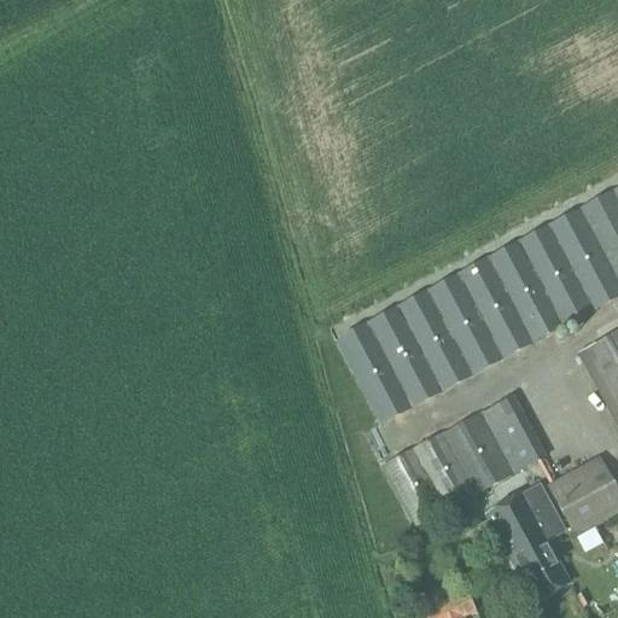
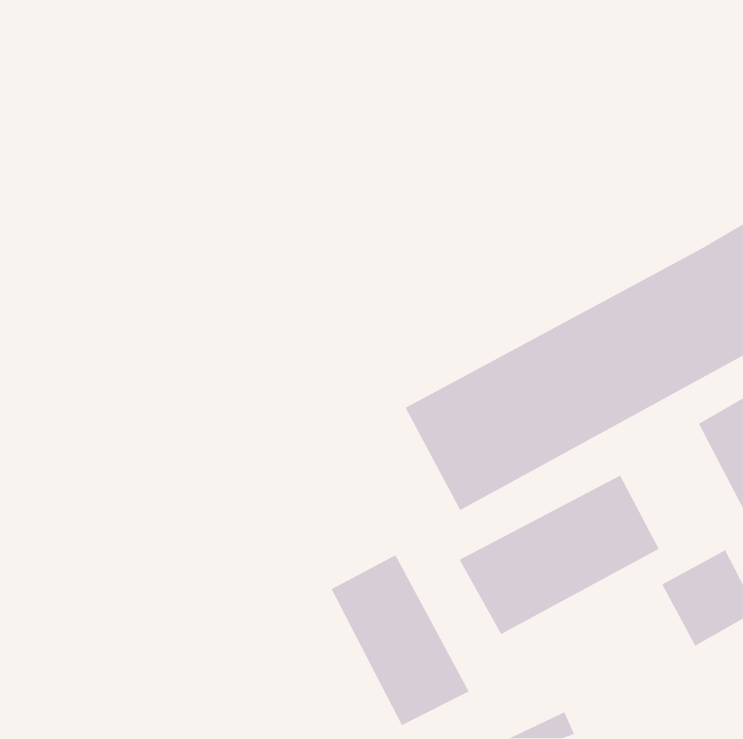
building: none -> [331,554,470,726]
building: [489,483,571,597] -> none

